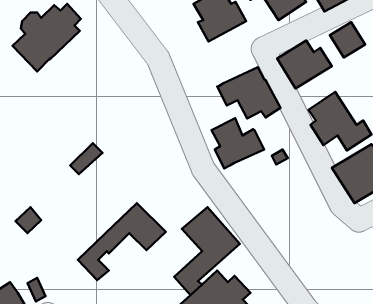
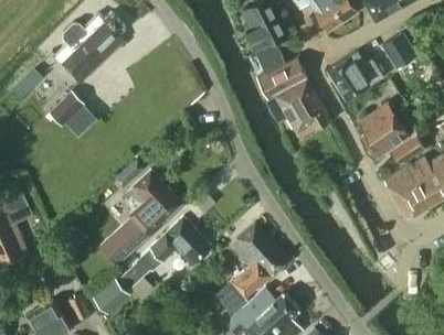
building: none -> [49,89,84,126]
building: [211,118,264,169] -> [253,46,307,98]
building: none -> [101,170,181,263]
building: none -> [92,279,128,314]

